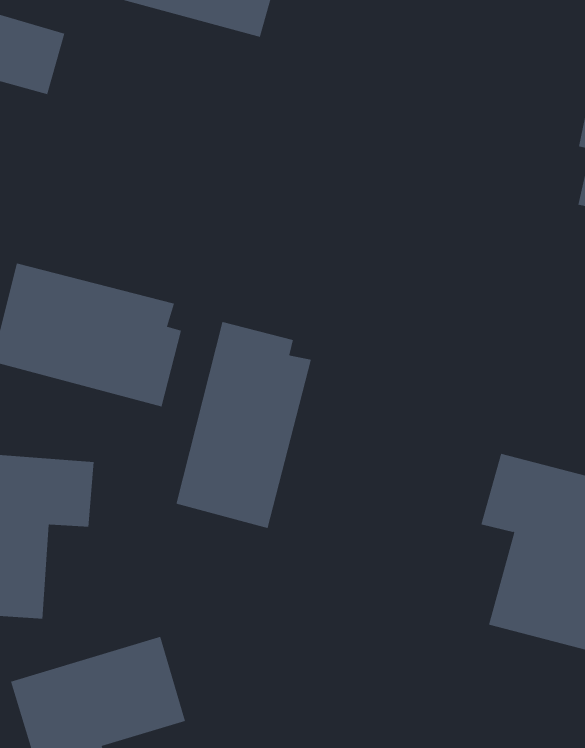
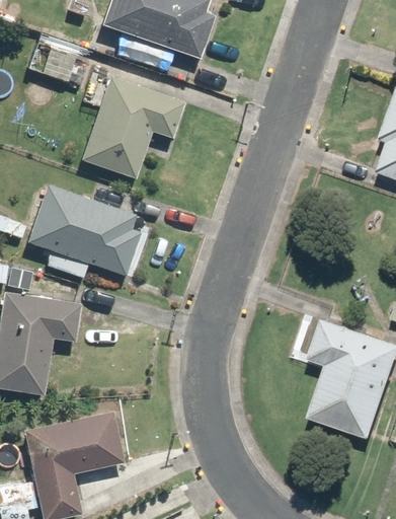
building: none -> [80,75,187,179]
building: [176,321,311,529] -> none

